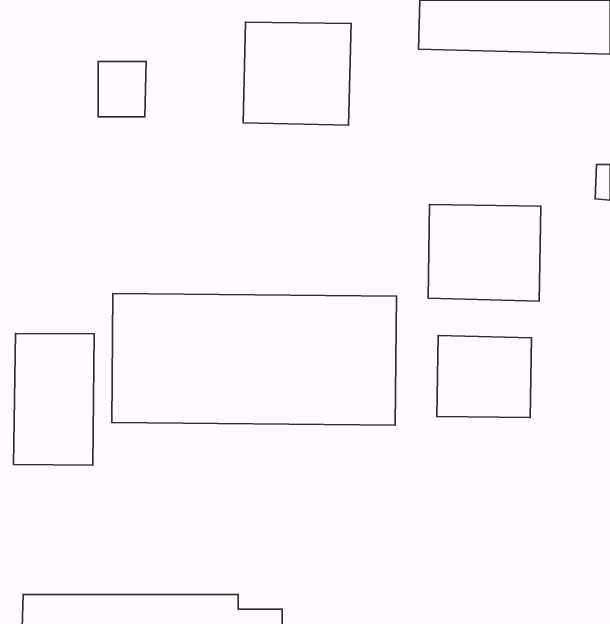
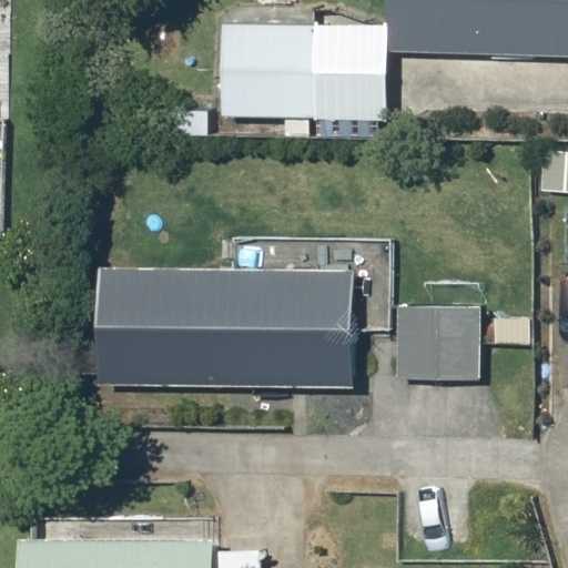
building: [428,204,541,301] -> none
building: [13,333,94,465] -> none

